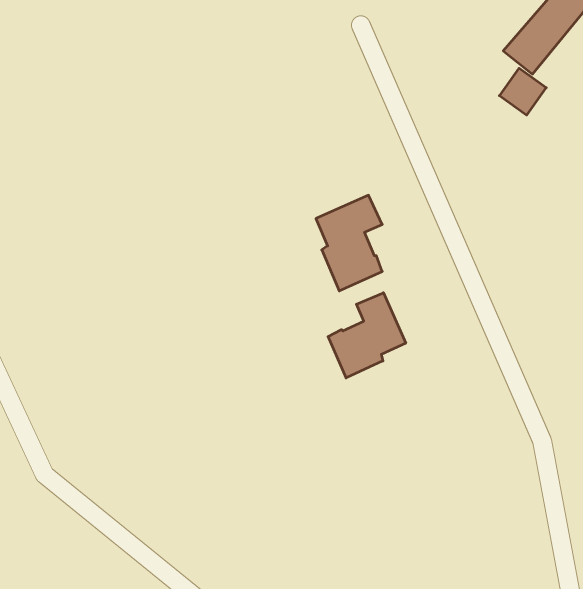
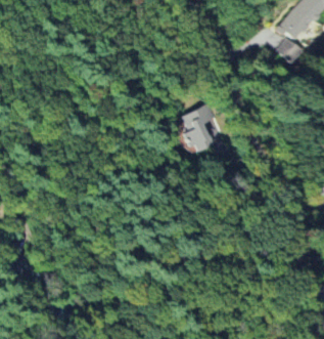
building: [328,293,406,378] -> none

